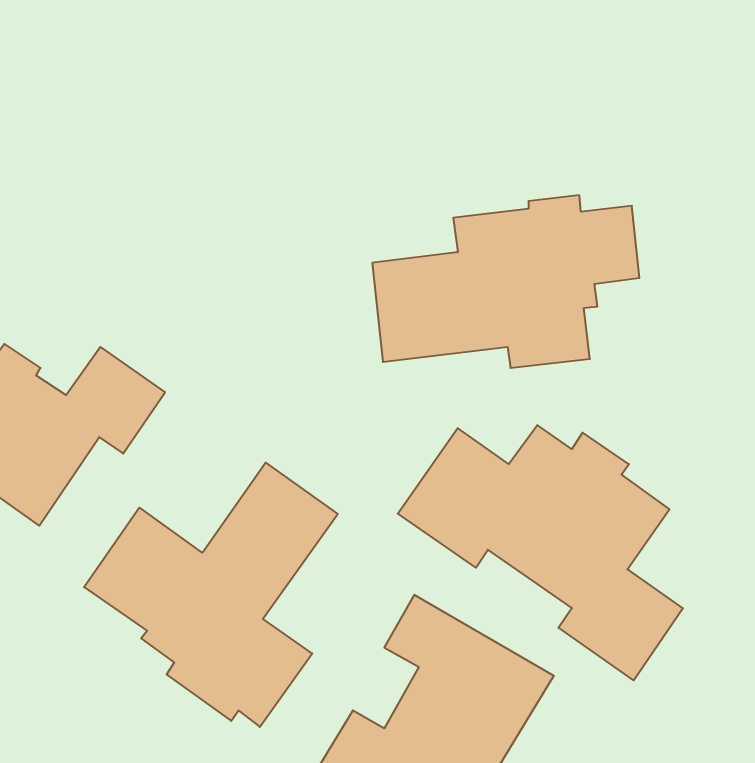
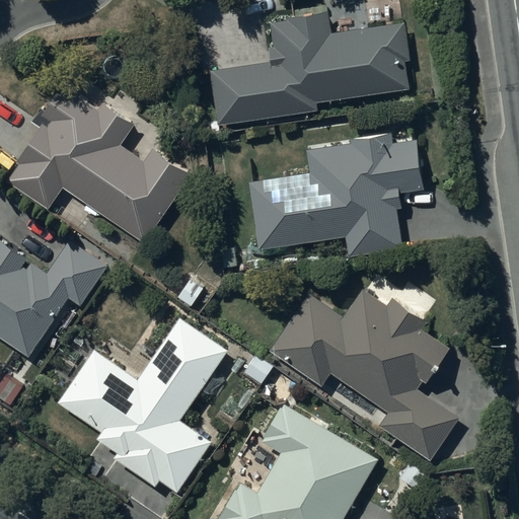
building: none -> [212,12,411,123]
building: none -> [6,83,187,239]

